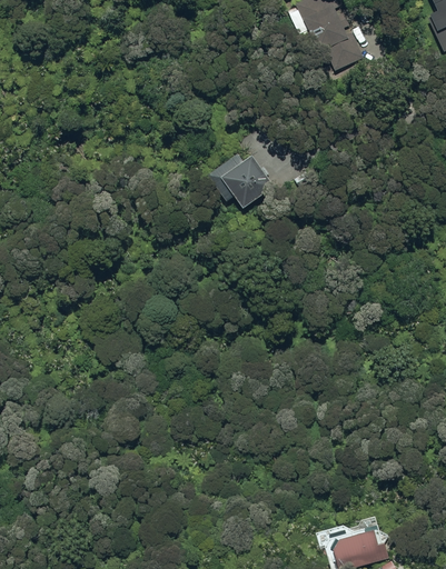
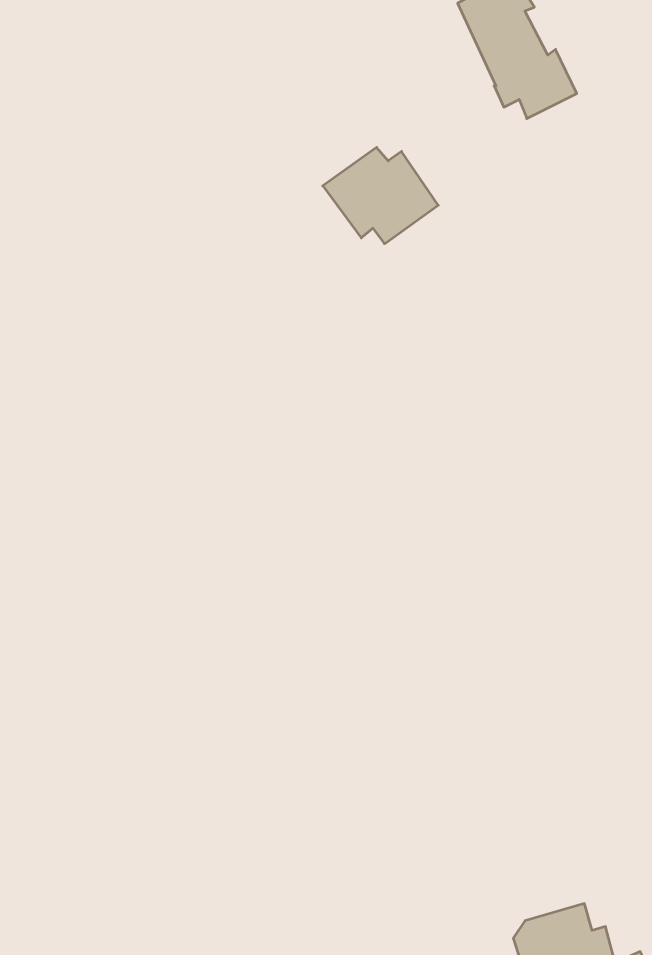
building: [210,153,277,209] -> [323,147,438,244]

